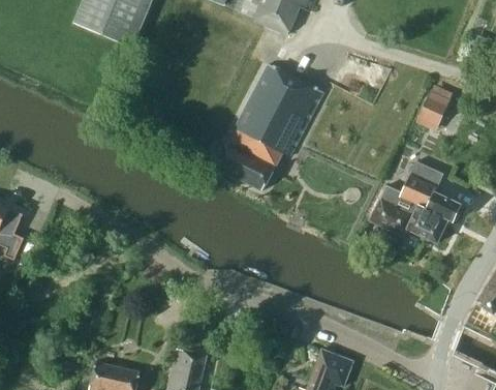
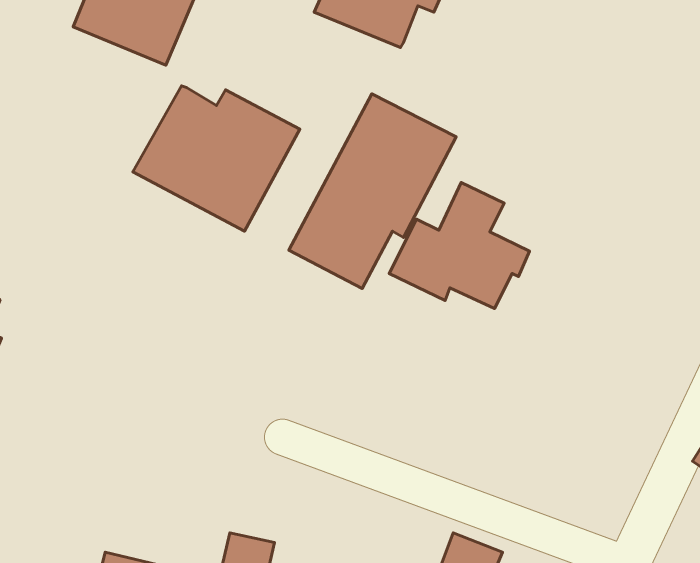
building: none -> [133,86,300,231]
building: [414,86,452,132] -> none
building: [368,161,459,243] -> [389,182,530,309]

